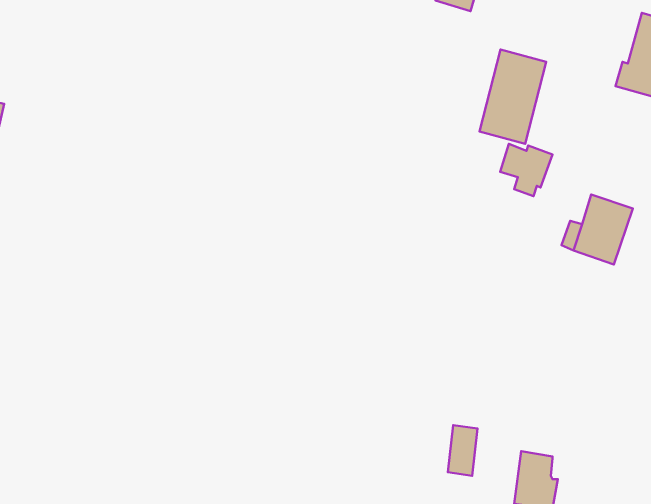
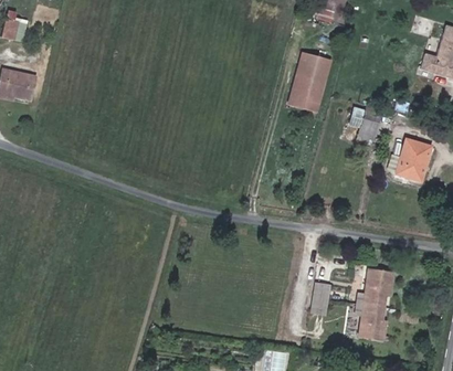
building: [480,49,546,144] -> [291,53,333,113]
building: none -> [361,267,390,303]

